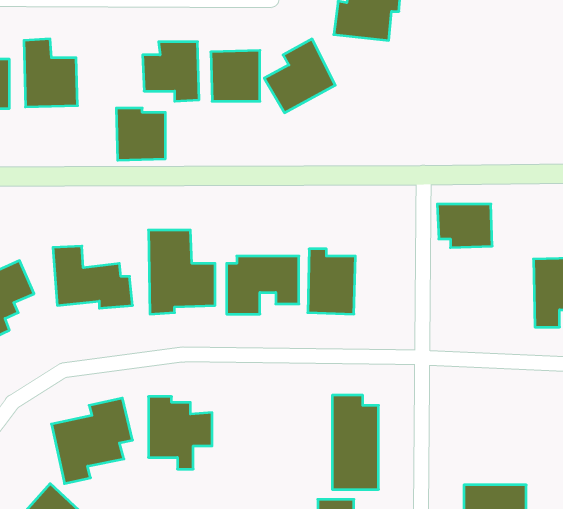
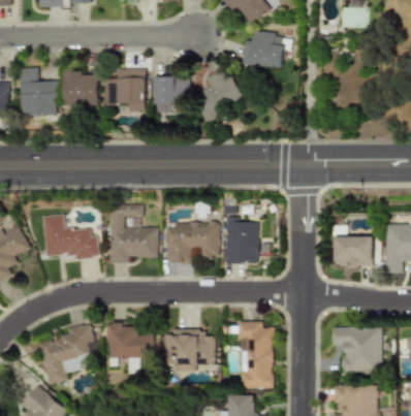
building: [116,108,165,160] -> [64,71,99,108]
building: [437,204,492,248] -> [334,236,373,267]
building: none -> [331,327,382,373]
building: none -> [165,330,218,372]

